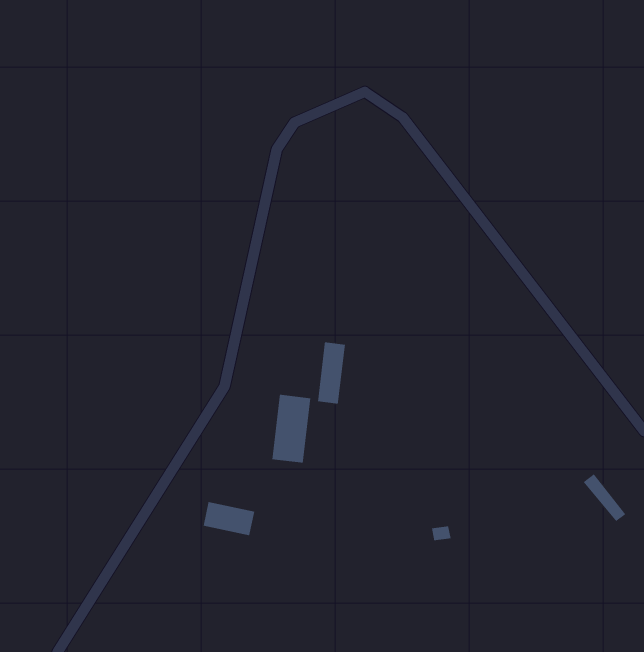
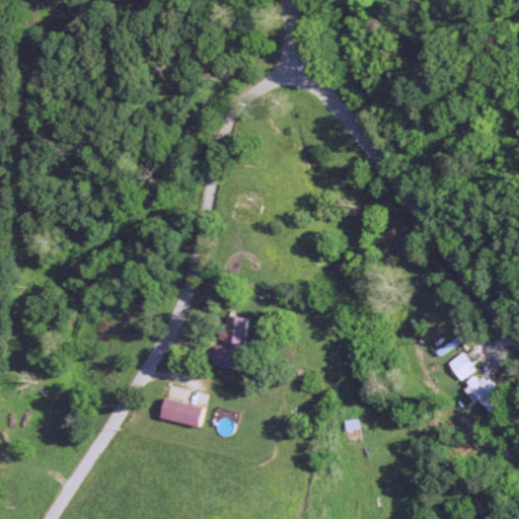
building: [318,341,345,404] -> none
building: none -> [446,352,473,379]

